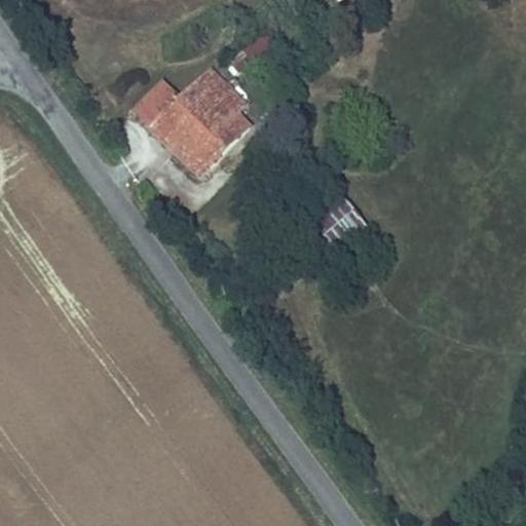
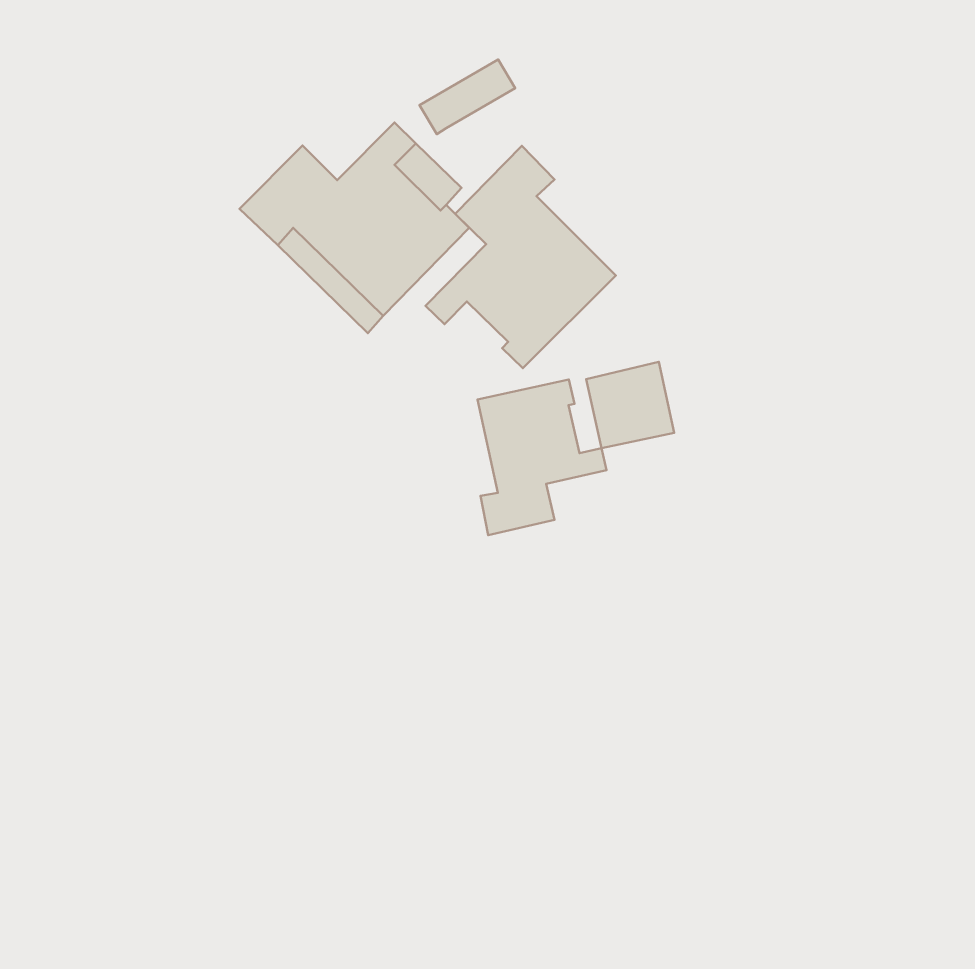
building: none -> [426,146,616,368]
building: none -> [477,380,606,535]

